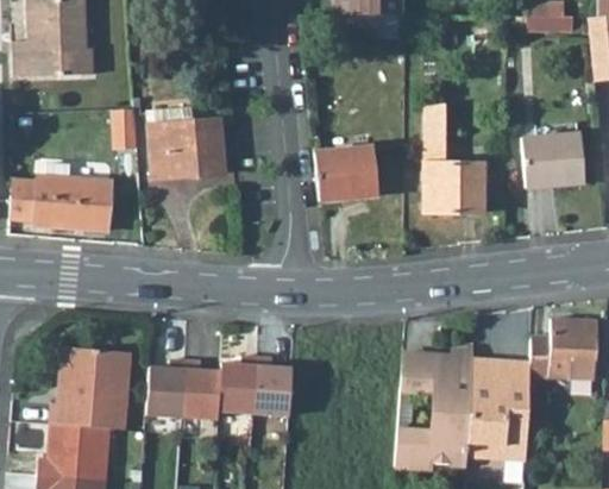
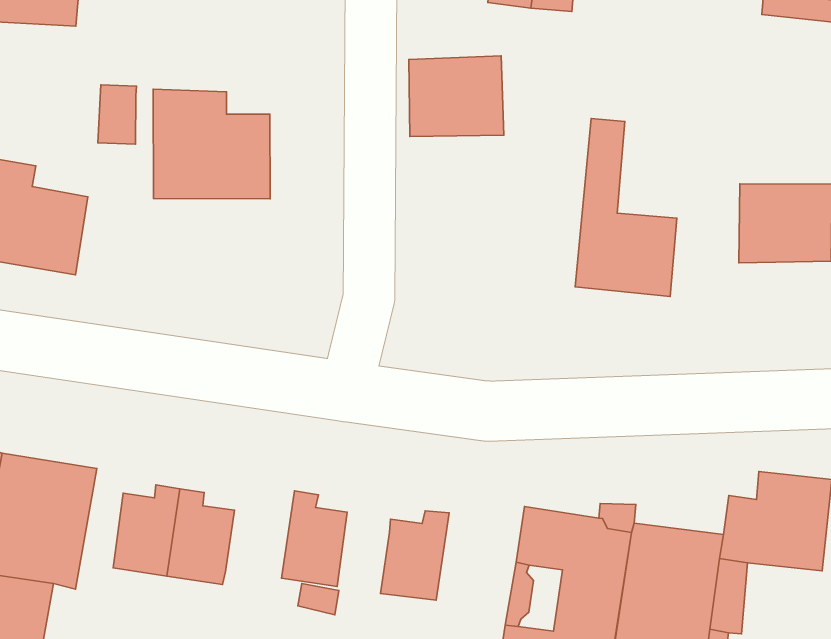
building: [315,145,379,201] -> [409,56,504,137]
building: [218,356,257,412] -> [380,511,449,600]

